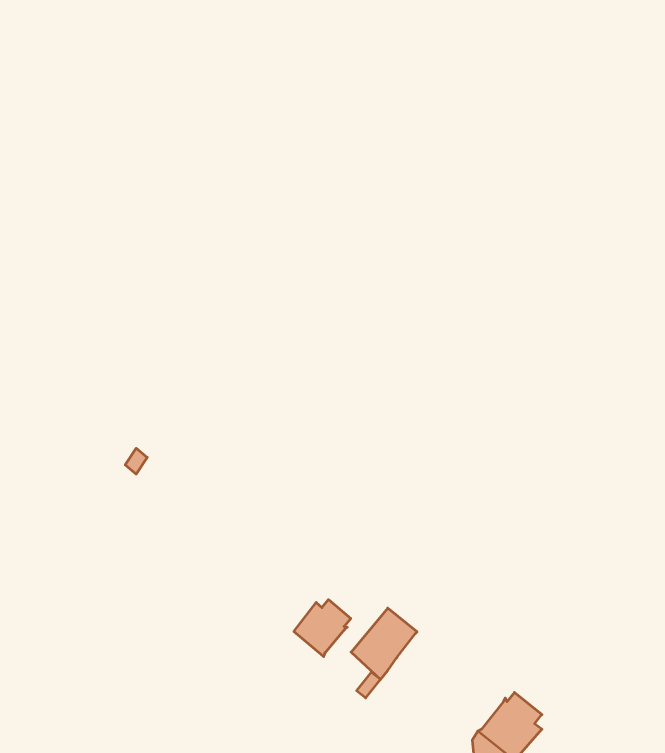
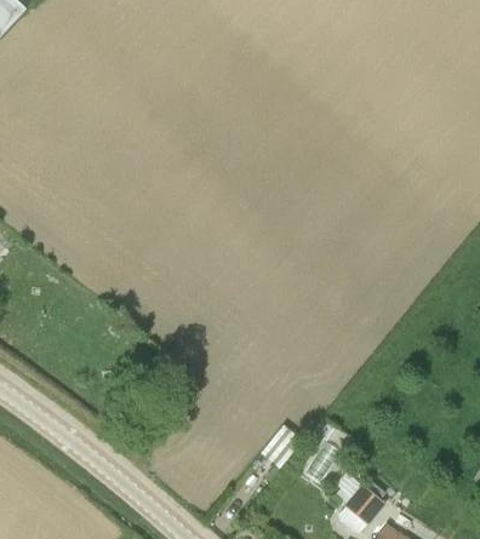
building: [294,600,351,657] -> none

